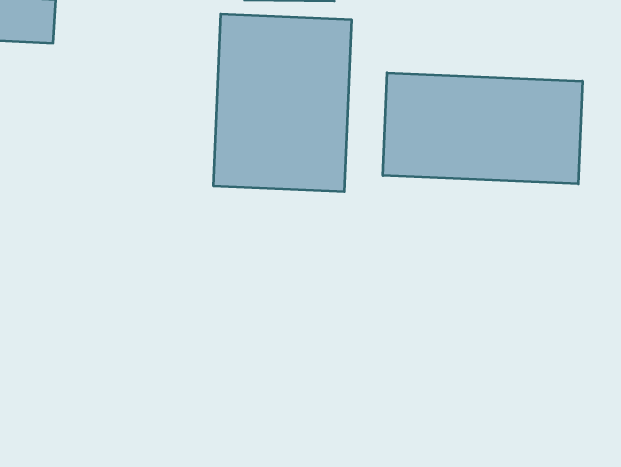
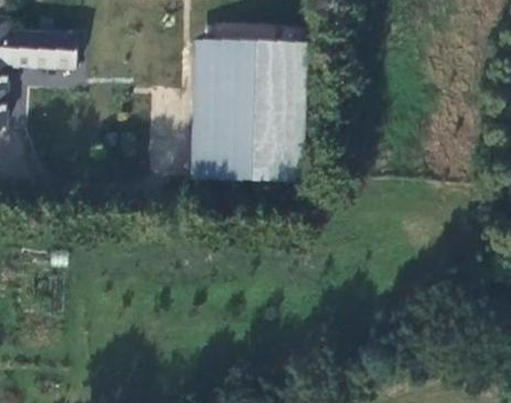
building: [383,73,582,184] -> none

